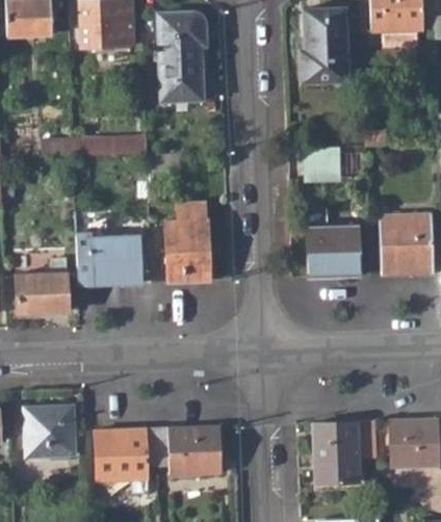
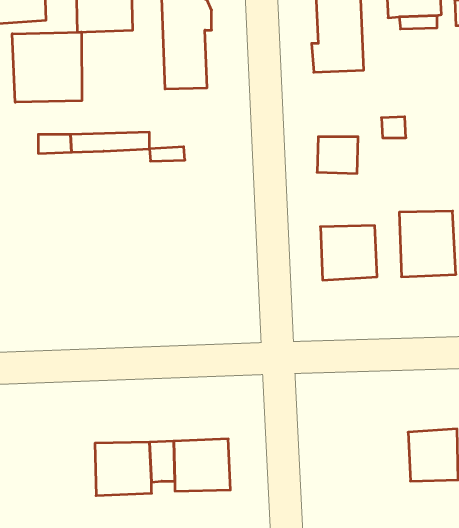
building: none -> [12,32,82,102]
building: [166,203,211,283] -> none
building: [76,212,140,286] -> none
building: [17,259,68,312] -> none
building: [25,406,75,456] -> none
building: [313,419,375,481] -> none

